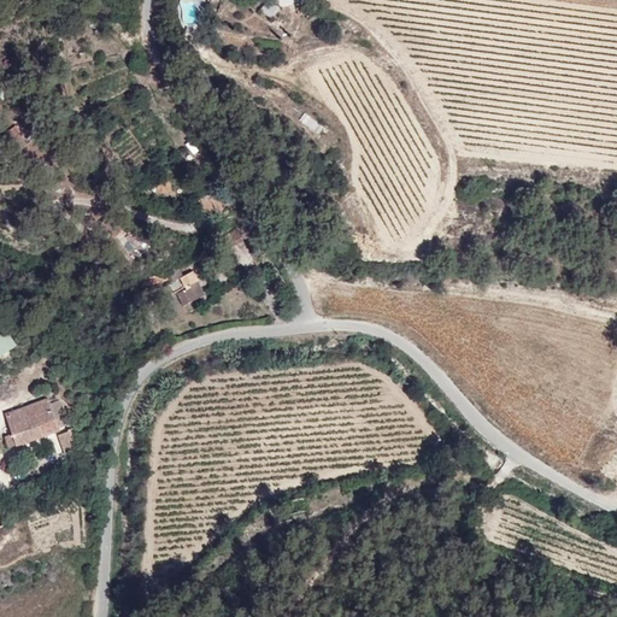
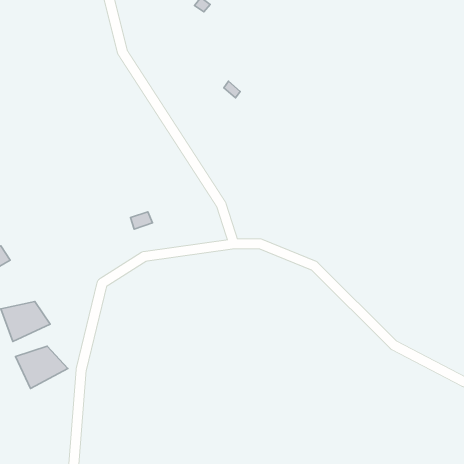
building: none -> [16,346,68,389]

